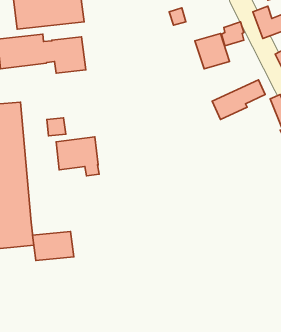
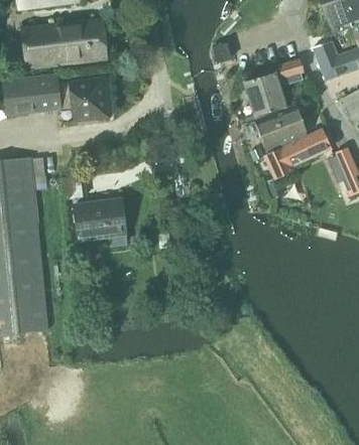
building: none -> [254,104,310,149]
building: [33,232,74,260] -> none

